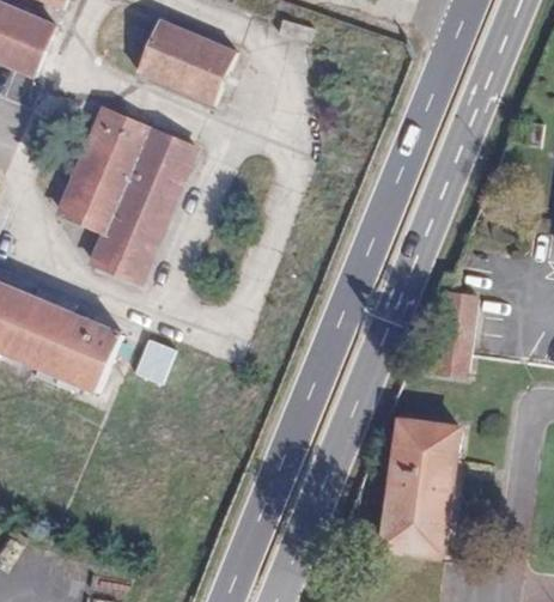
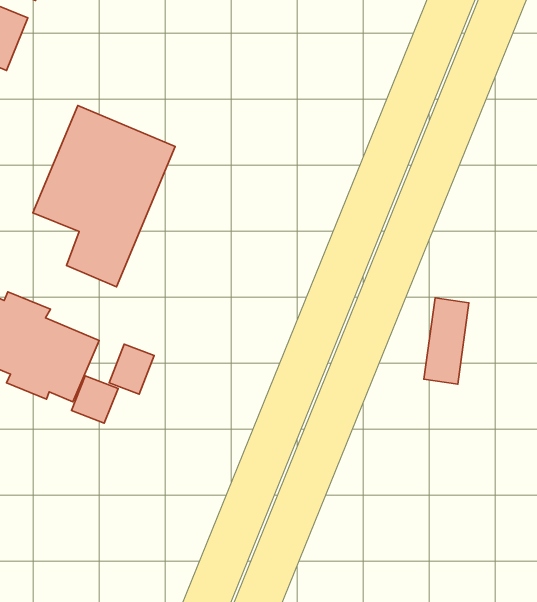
building: [135,18,236,104] -> none
building: none -> [71,376,118,423]
building: [382,420,458,553] -> none

